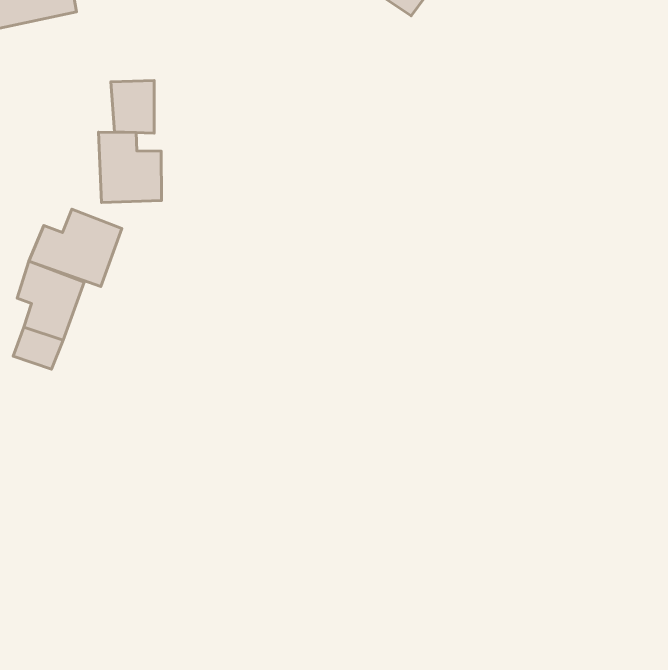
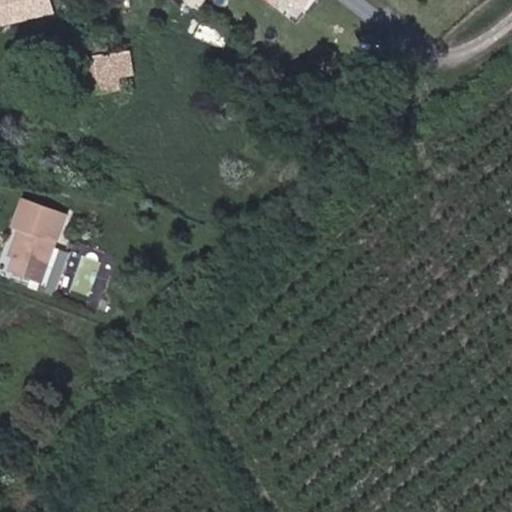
building: [99,132,162,202] -> none
building: [29,209,122,286] -> none

